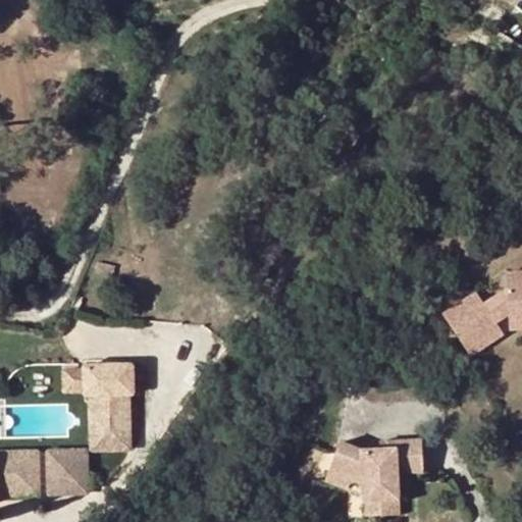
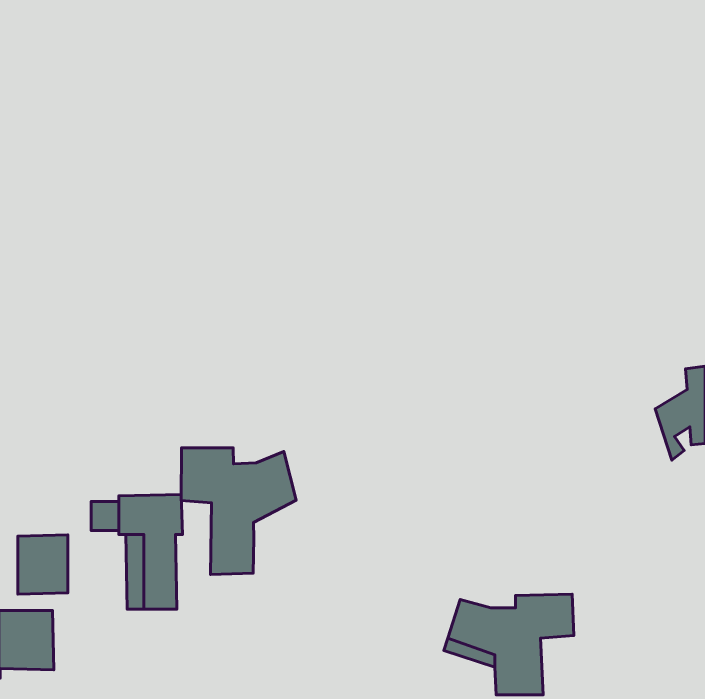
building: [442,292,495,356] -> none
building: none -> [181,448,296,575]
building: [52,450,89,493] -> [18,535,68,594]

